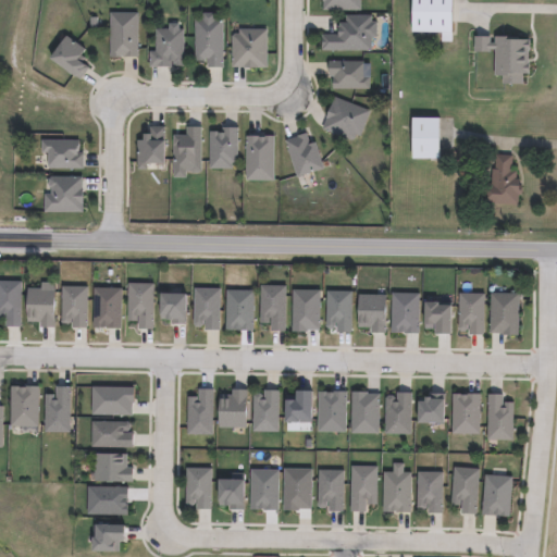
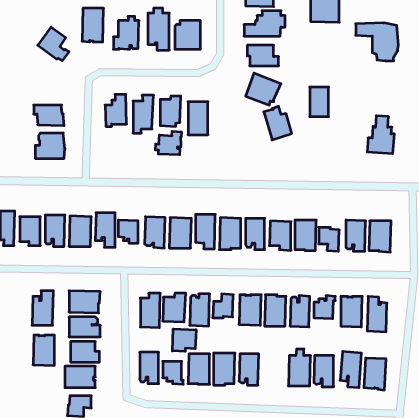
building: [288,132,325,176] -> [264,106,292,140]
building: none -> [155,131,181,155]
building: [10,385,38,425] -> [33,335,54,365]
building: none -> [172,329,196,351]
building: [350,466,377,511] -> none

